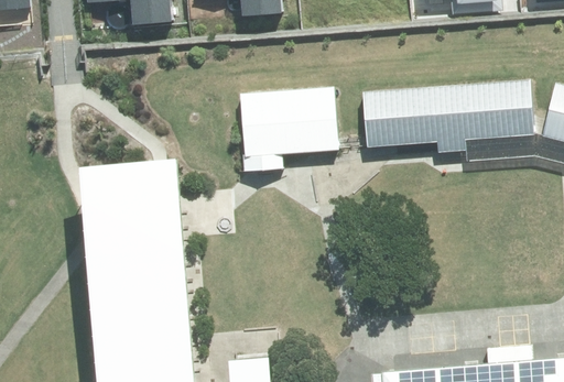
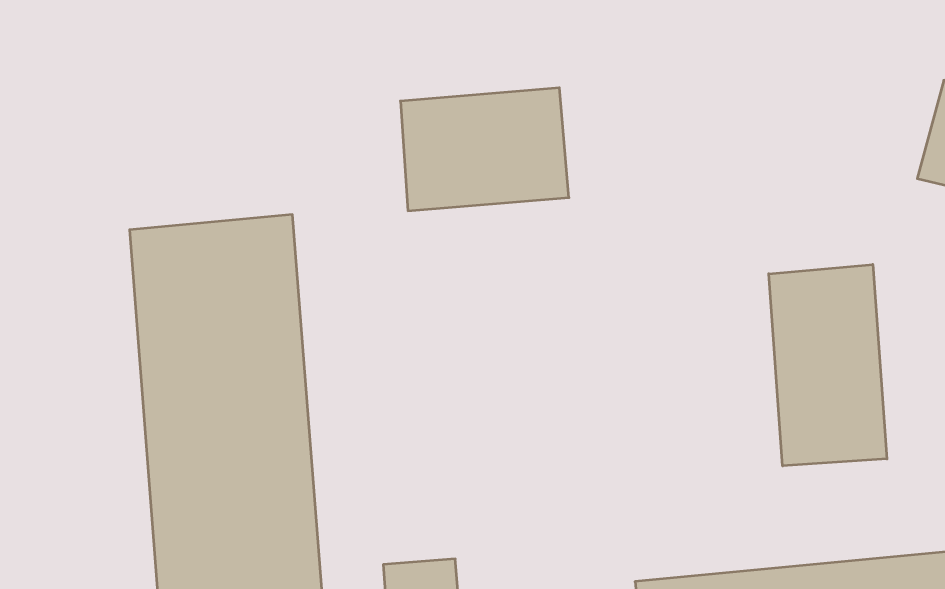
building: [361,80,531,148] -> none
building: none -> [769,264,887,466]

